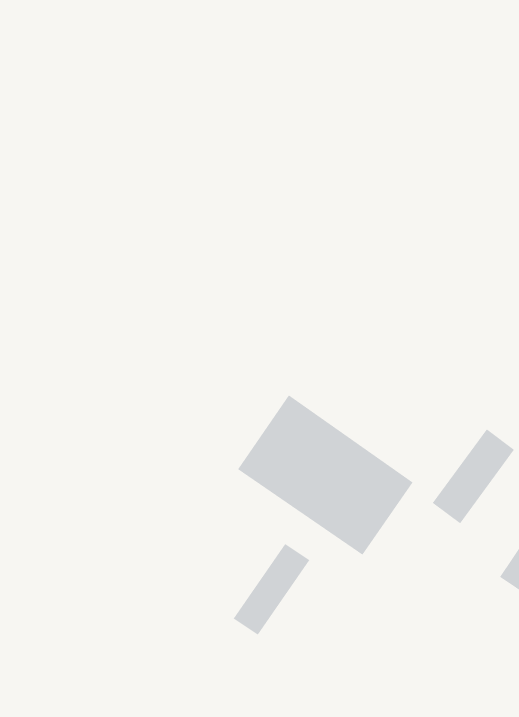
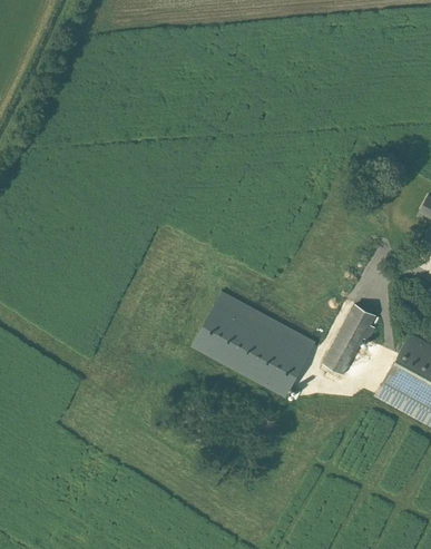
building: [233,543,310,636] -> none

